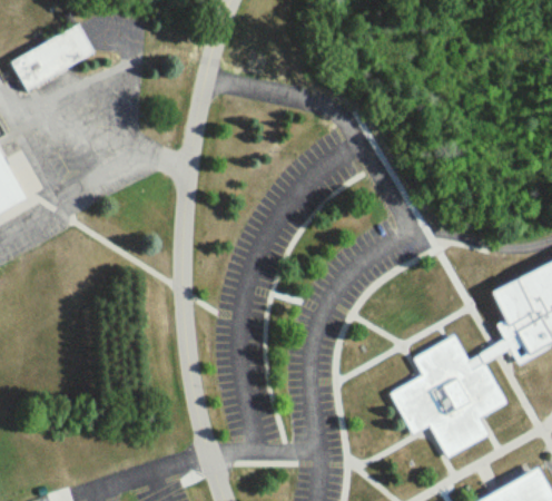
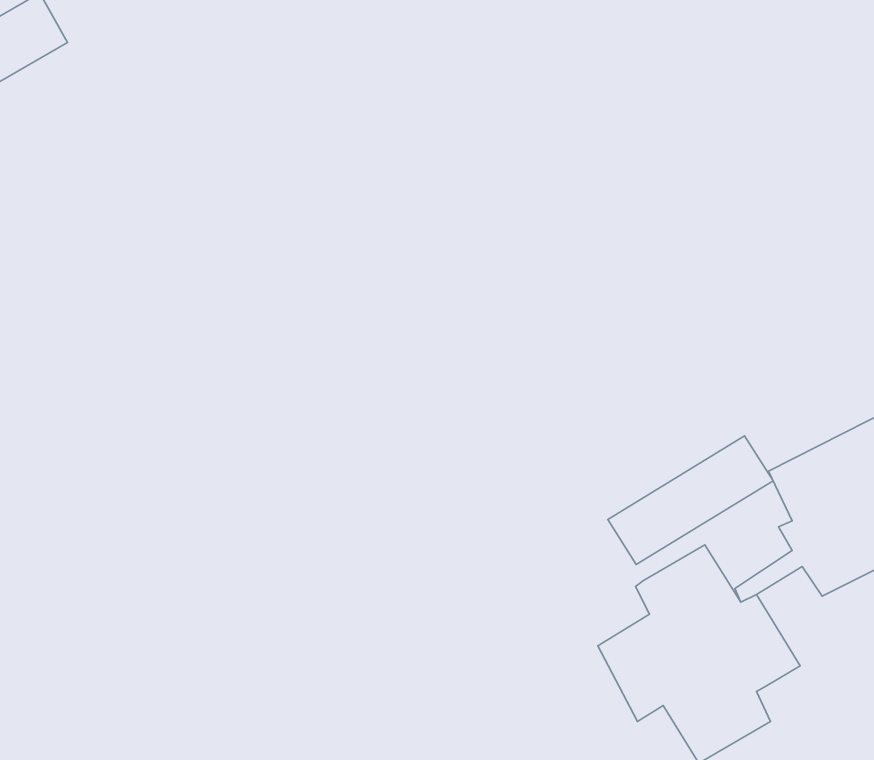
building: none -> [608,436,773,565]

